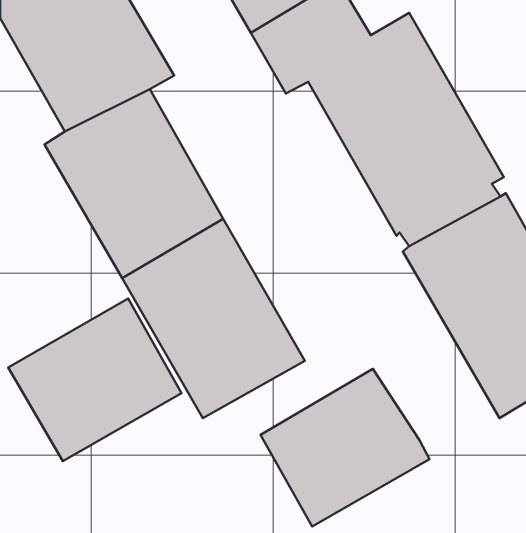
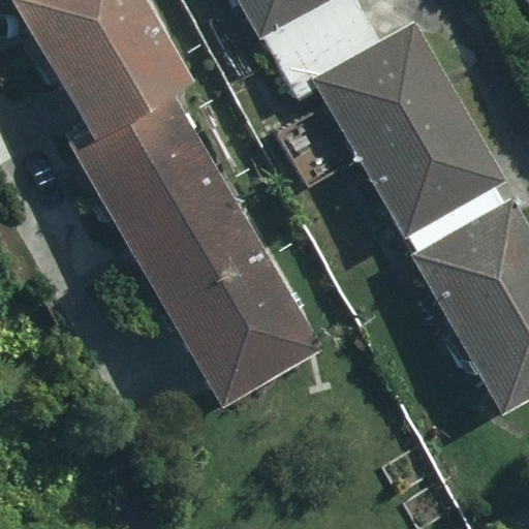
building: [8,299,181,461] -> none
building: [261,369,430,526] -> none

